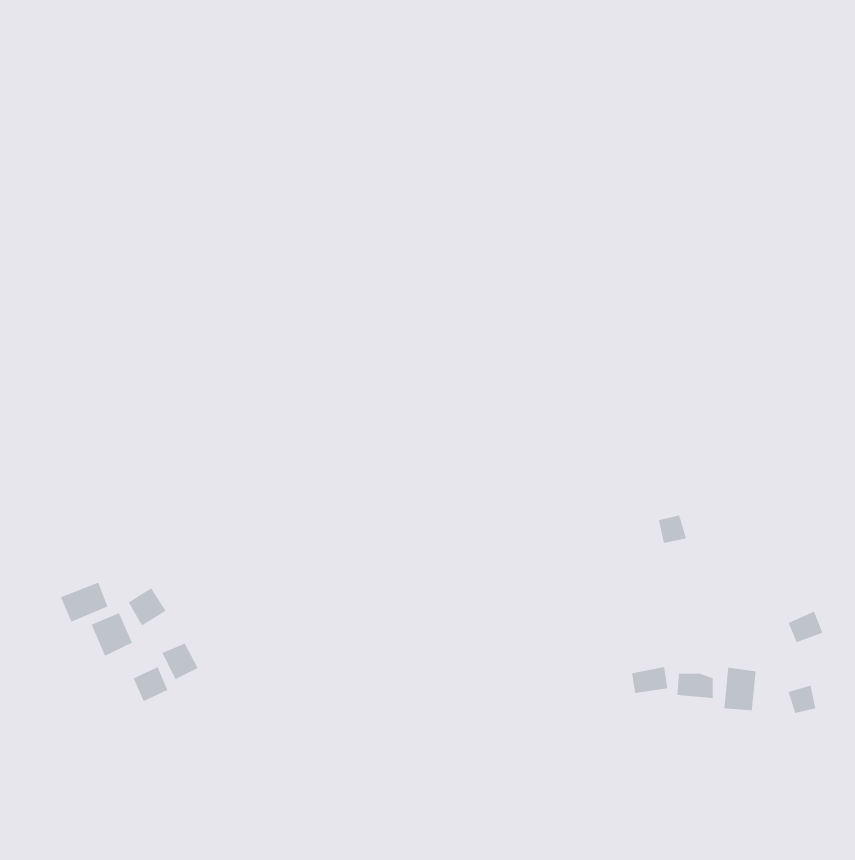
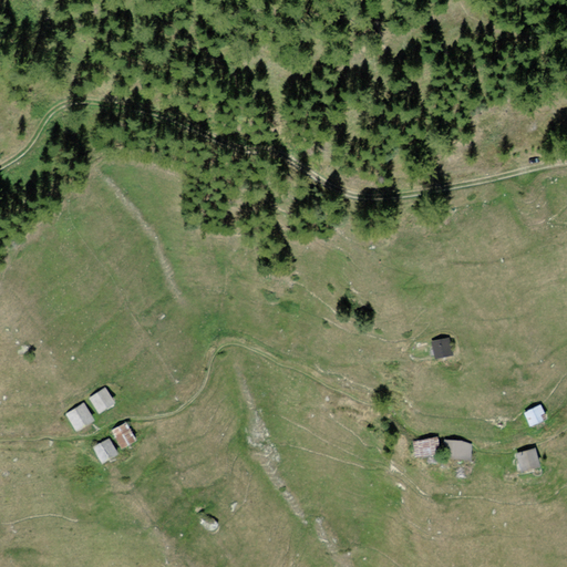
building: [60,582,108,622] -> none
building: [724,667,756,711] -> none

